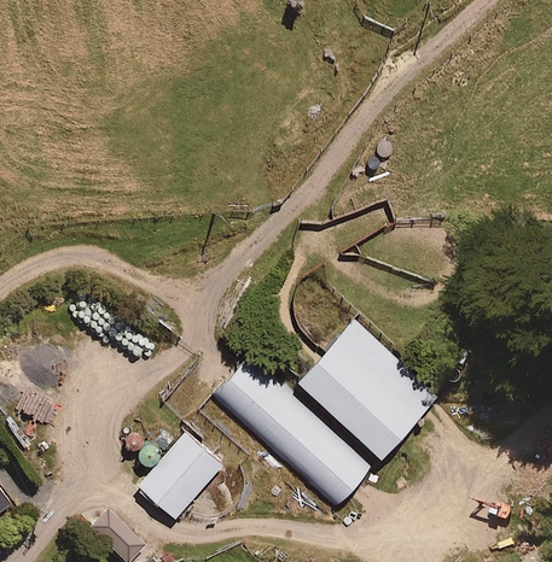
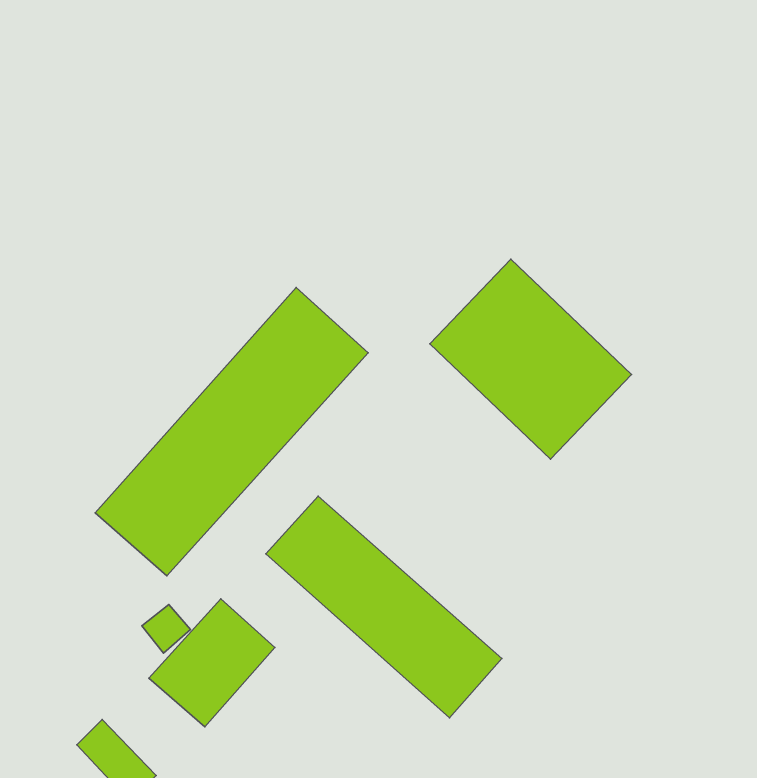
building: none -> [95,288,368,576]
building: [304,324,440,458] -> [430,259,631,459]

